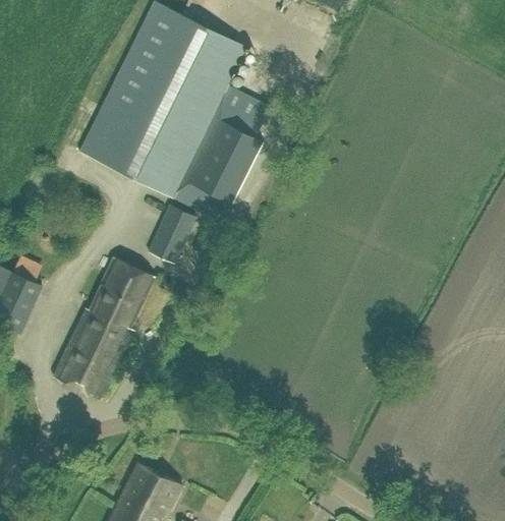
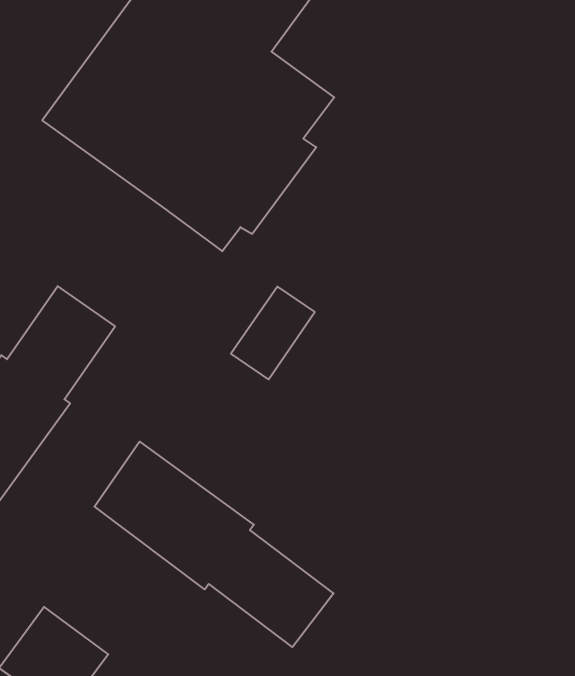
building: [147,204,195,264] -> [231,287,315,379]
building: none -> [94,442,334,647]

